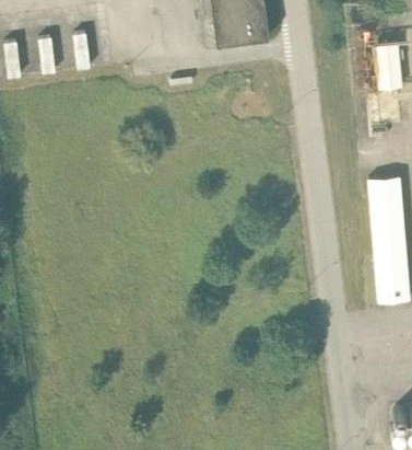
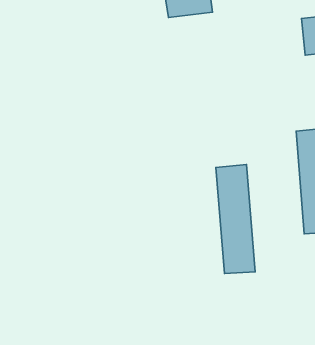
building: none -> [216,165,255,274]

